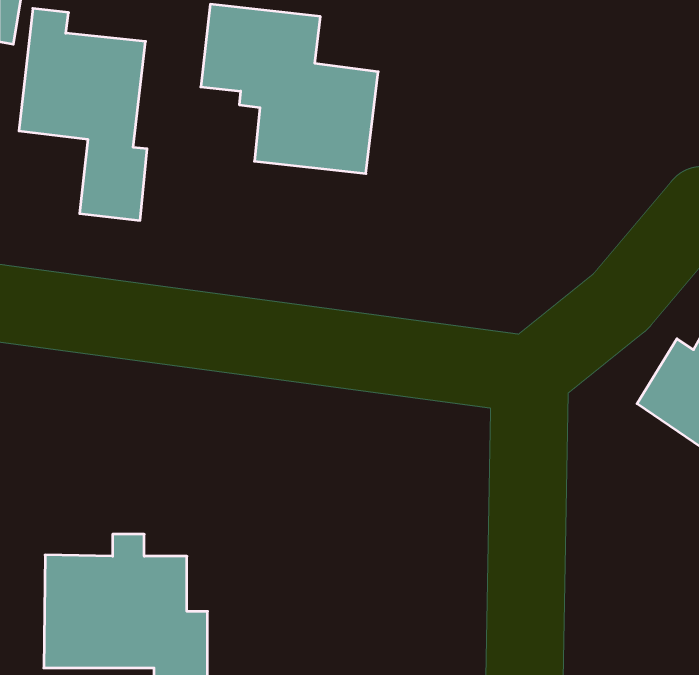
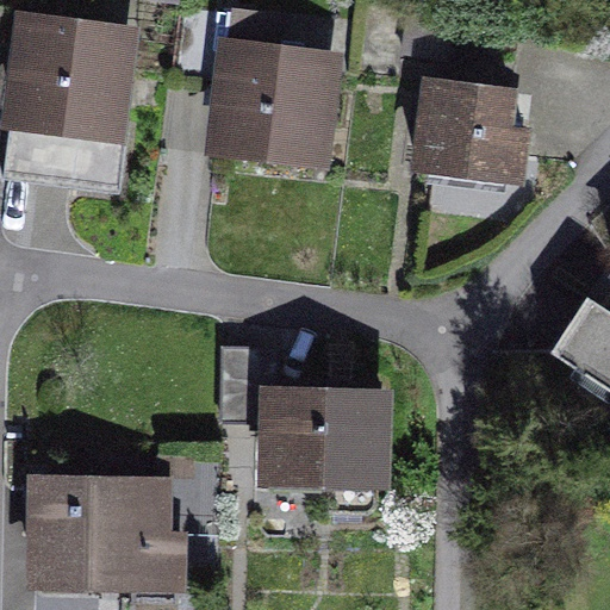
building: none -> [423,87,529,183]
building: none -> [225,354,384,491]

